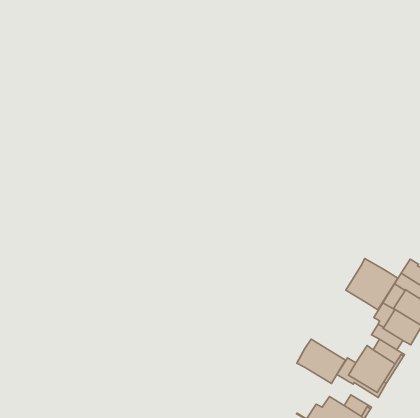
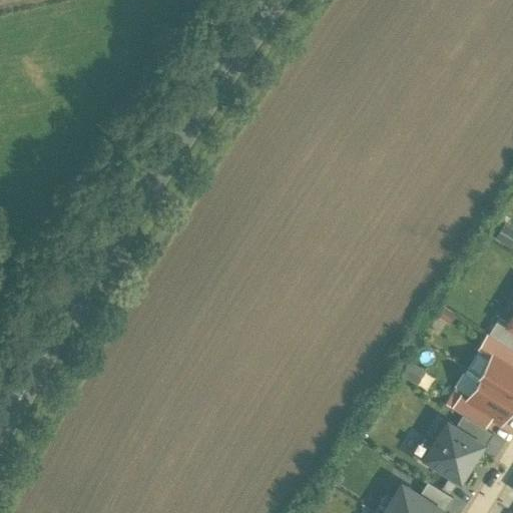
building: [346,258,398,310] -> none
building: [297,339,345,383] -> none

